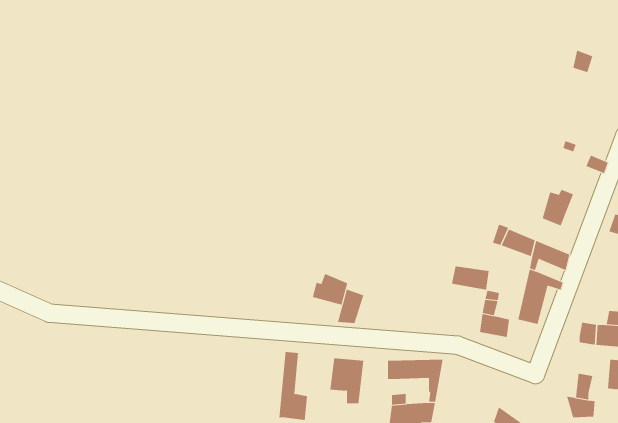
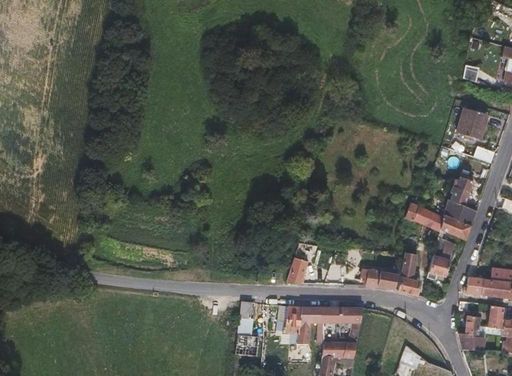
building: none -> [457,110,488,138]
building: none -> [438,197,470,225]
building: [451,266,489,290] -> [362,266,392,285]
building: [312,273,348,305] -> none
building: none -> [300,308,322,343]

